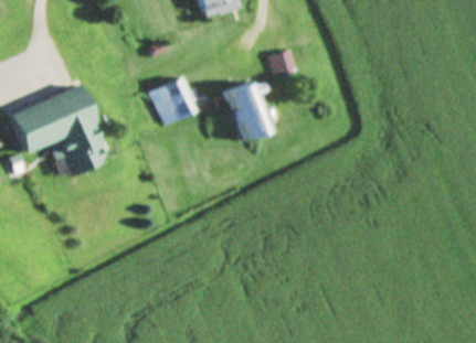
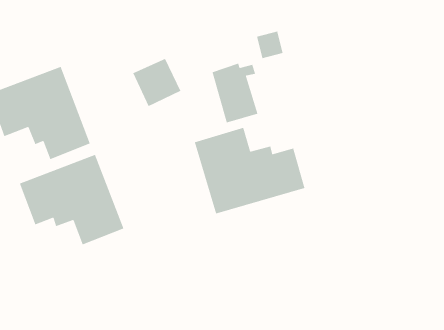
building: none -> [194,127,306,215]
building: none -> [19,154,124,246]

